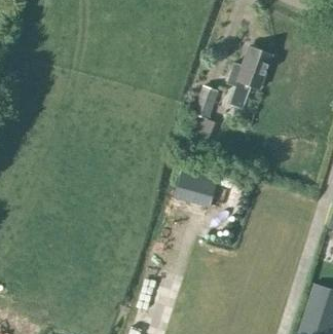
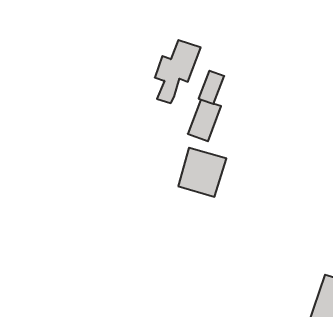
building: [227,48,271,109] -> [155,40,201,103]

